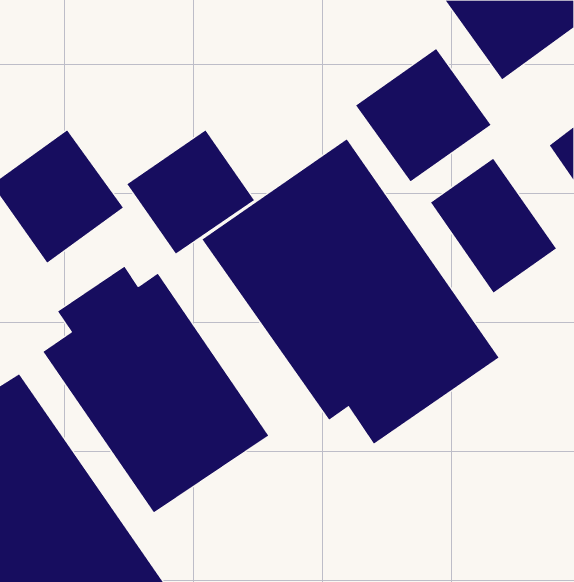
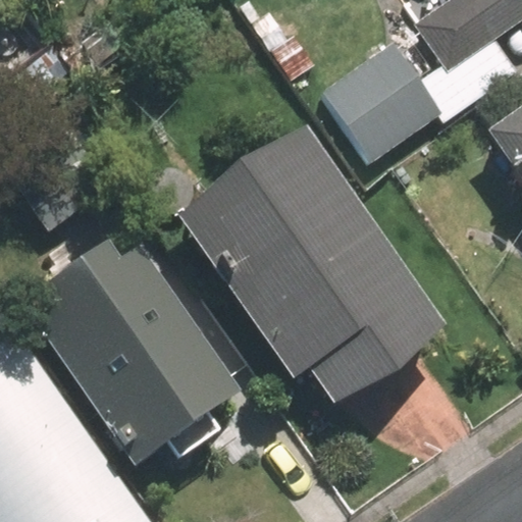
building: [126,129,255,255] -> none
building: [430,158,557,293] -> none

